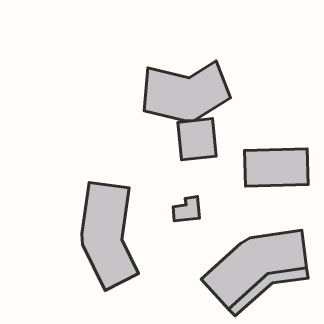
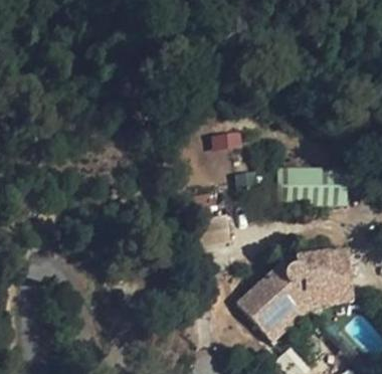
building: [144,61,230,121] -> none
building: [82,183,139,290] -> none

